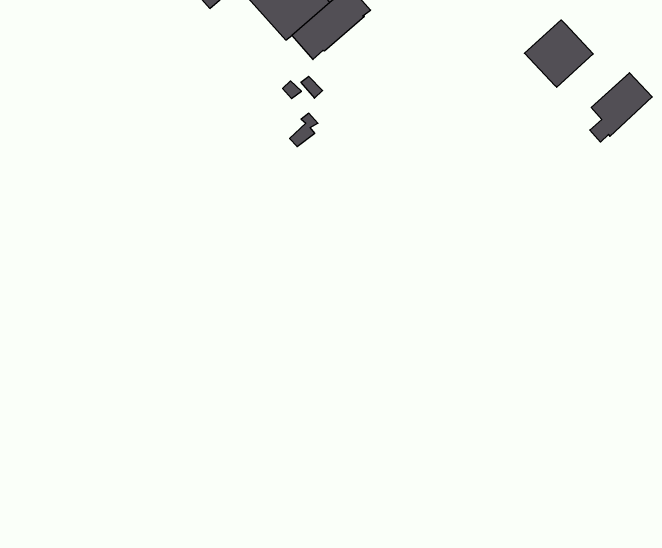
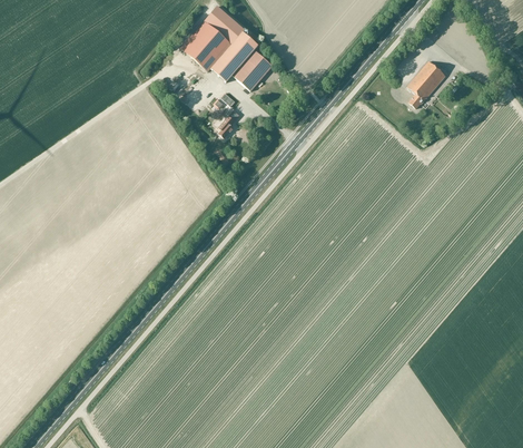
building: none -> [233,49,273,91]
building: [524,20,593,87] -> none

